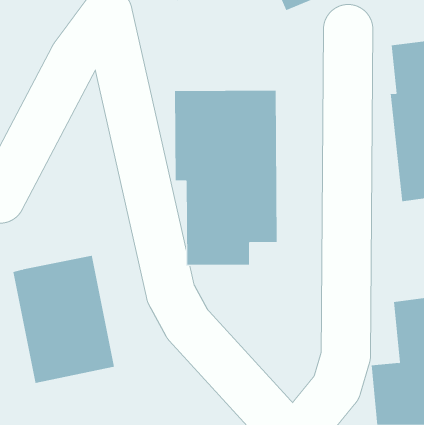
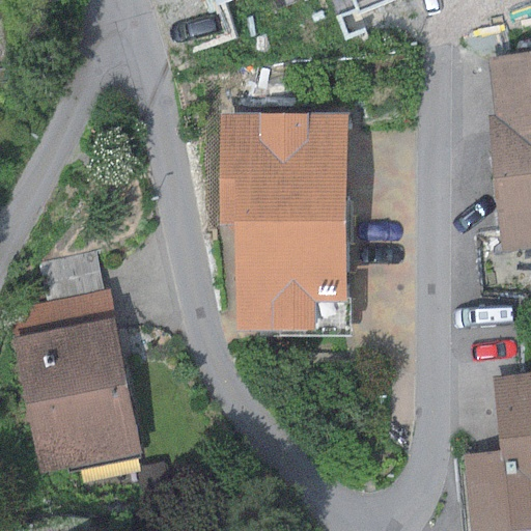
building: none -> [25,251,117,335]

